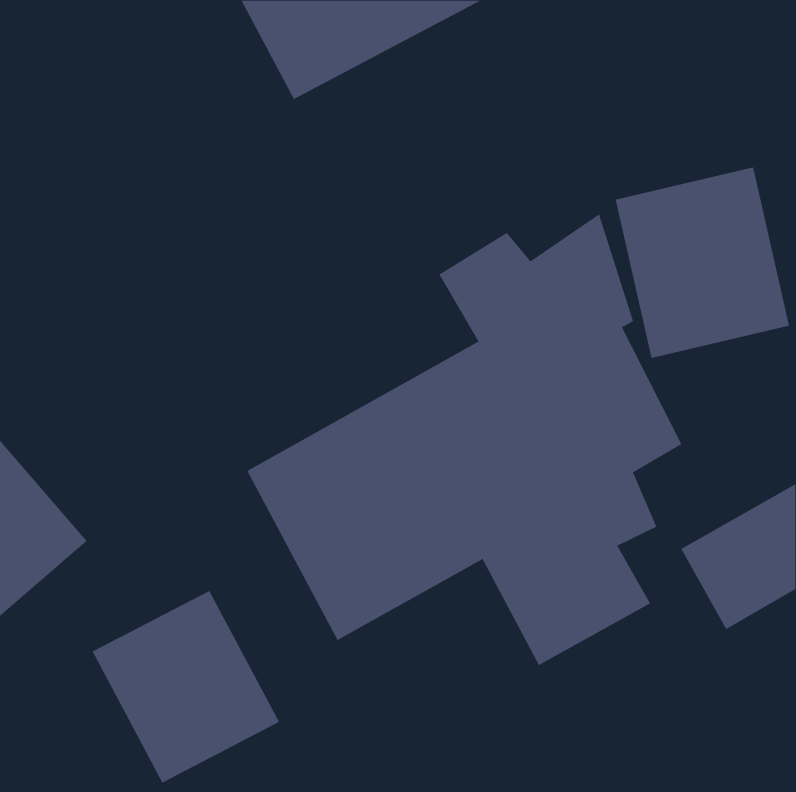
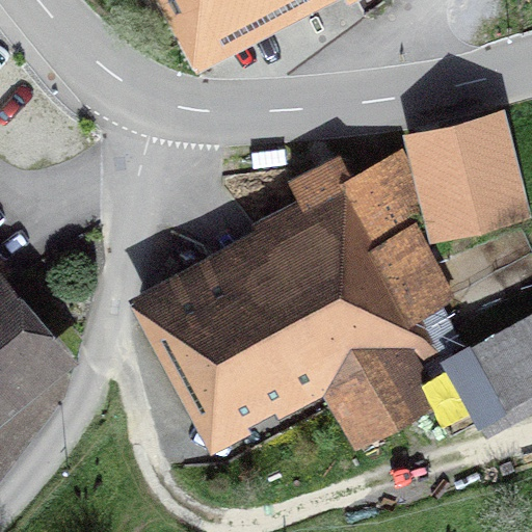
building: [92,590,280,783] -> none

